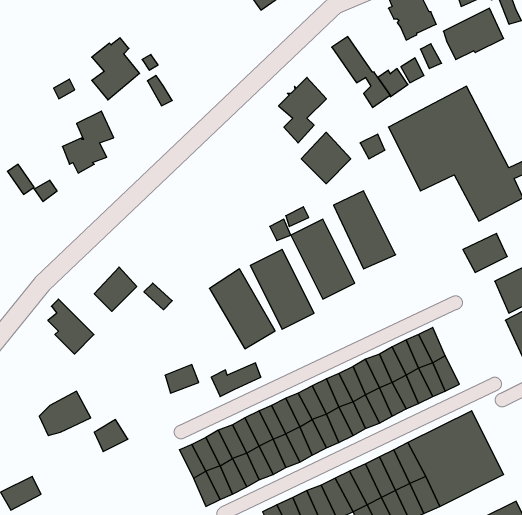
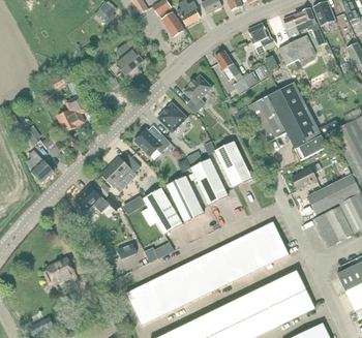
building: [92,38,140,100] -> [115,39,143,75]
building: [301,132,351,184] -> [157,103,186,133]
building: none -> [133,128,170,156]
building: none -> [101,155,141,191]
building: [48,299,94,354] -> [26,150,53,182]

